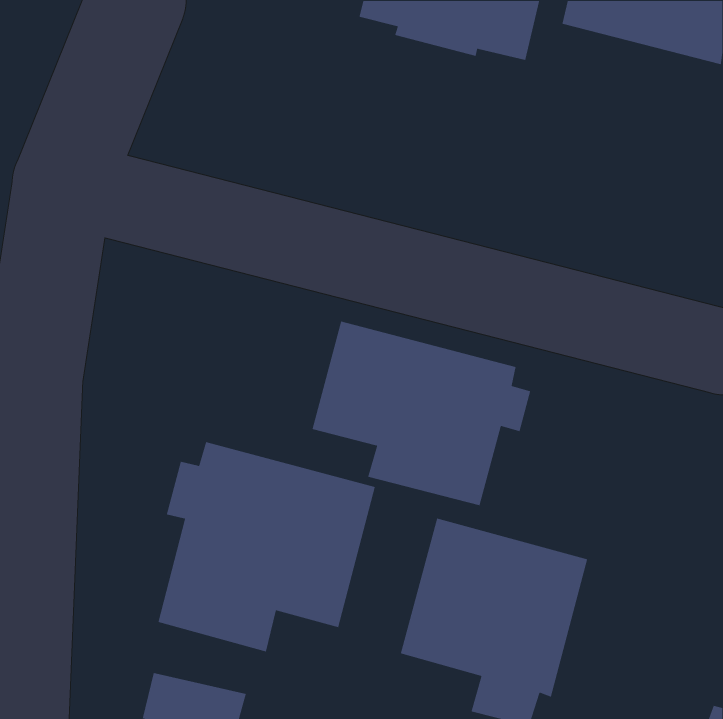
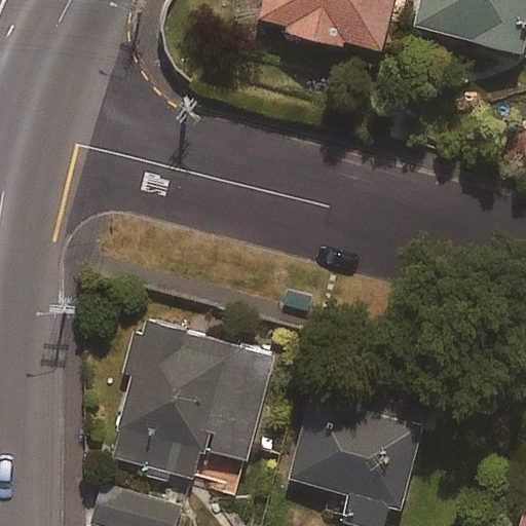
building: [311,321,531,506] -> none

